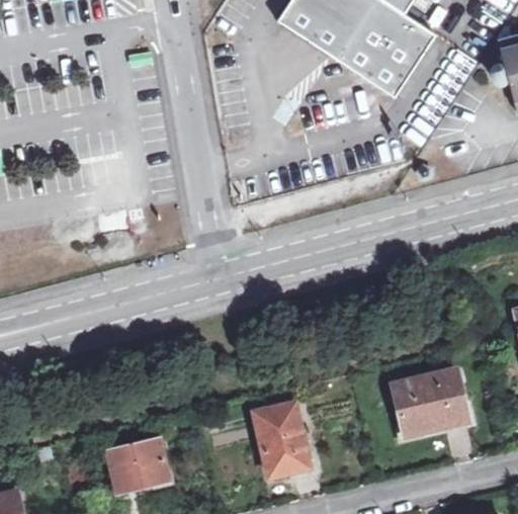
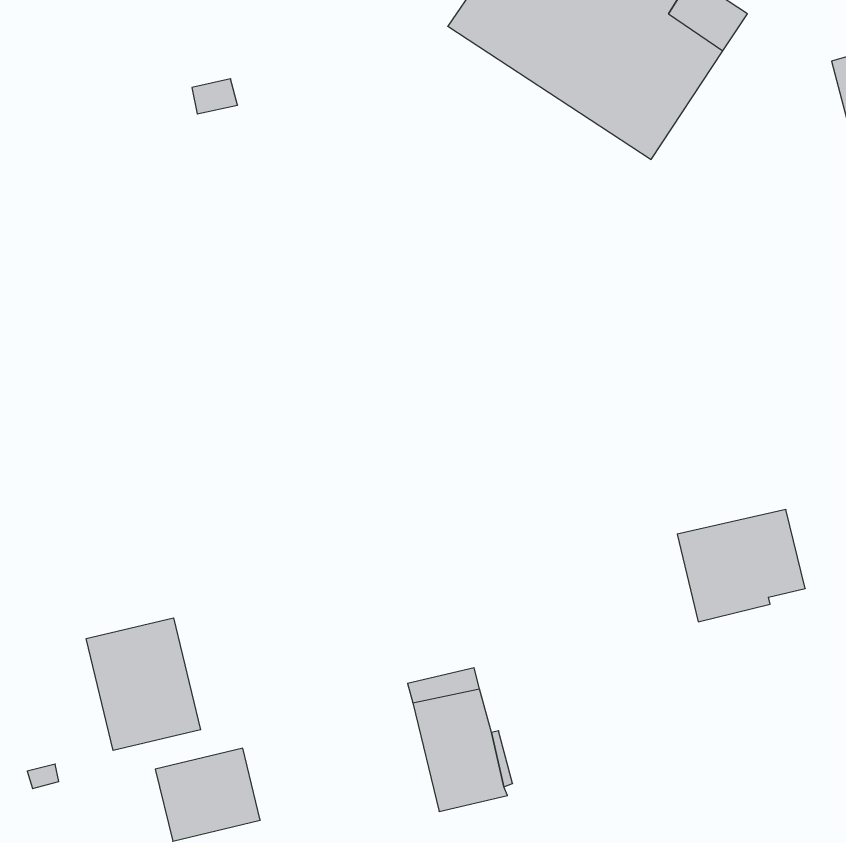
building: none -> [86,618,201,750]
building: [395,370,468,435] -> [677,510,805,622]

